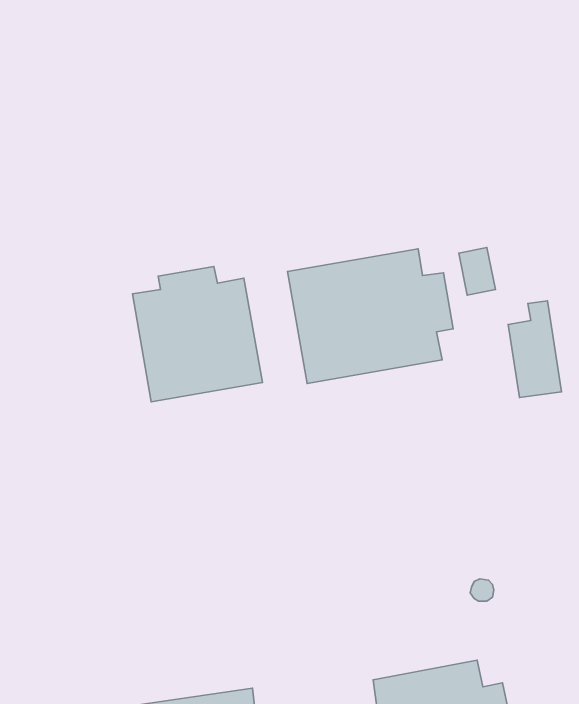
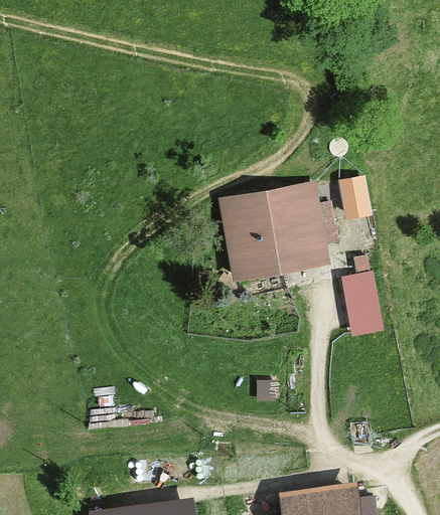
building: [133,266,262,402] -> none
building: [508,301,562,398] -> [341,261,380,330]

